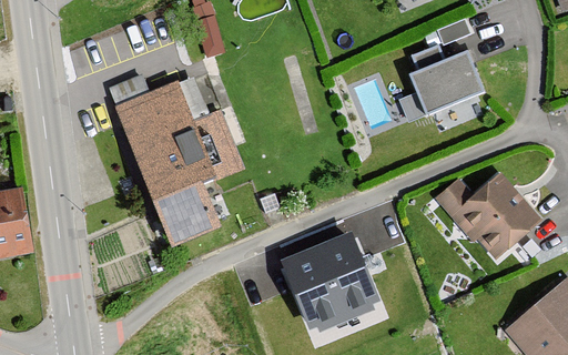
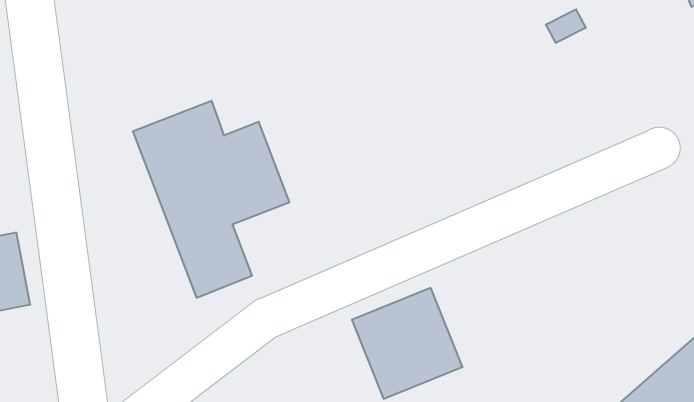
building: [405,50,478,114] -> none
building: [437,170,542,261] -> none

